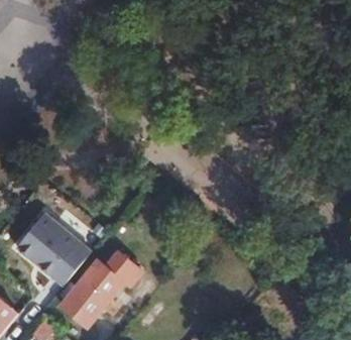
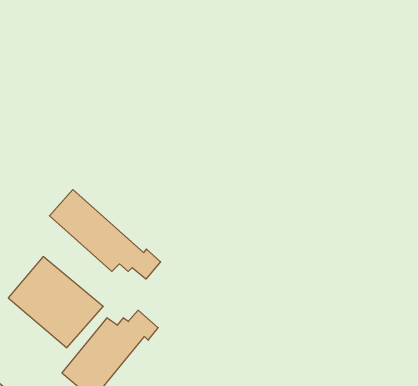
building: none -> [49,190,161,279]

